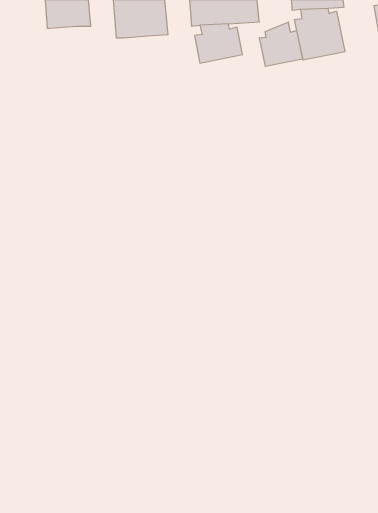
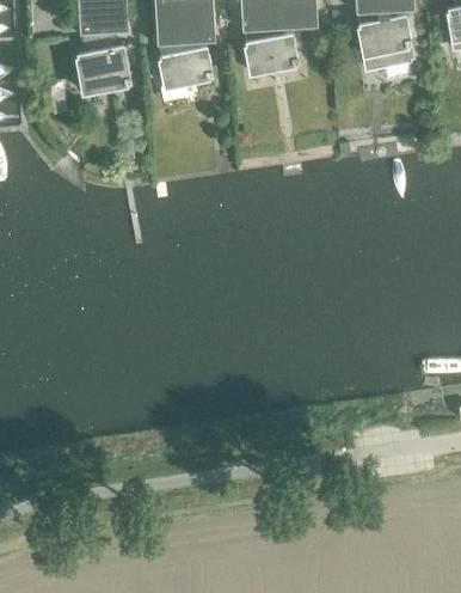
building: [259,22,303,66] -> none
building: none -> [76,31,131,92]
building: none -> [159,42,213,87]

